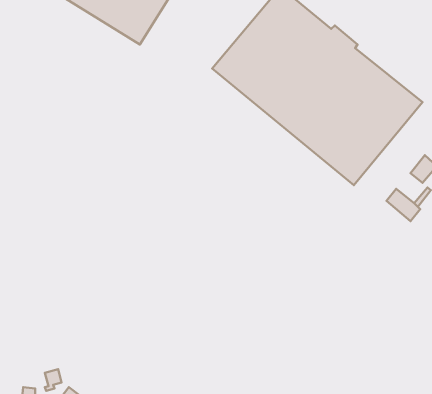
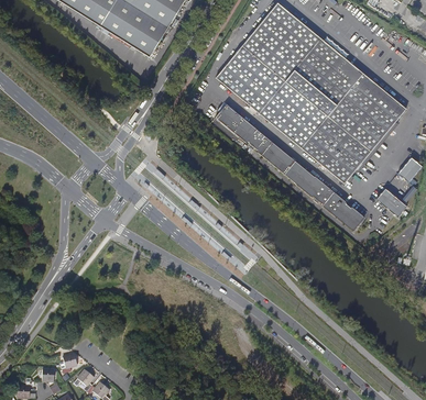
building: none -> [218,104,367,231]

